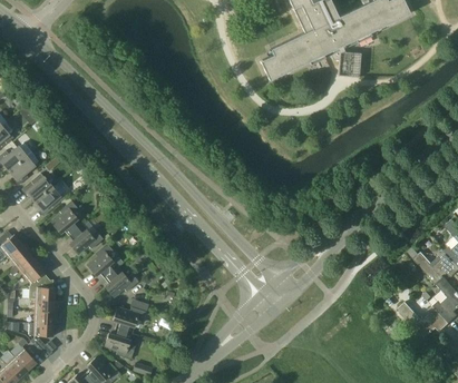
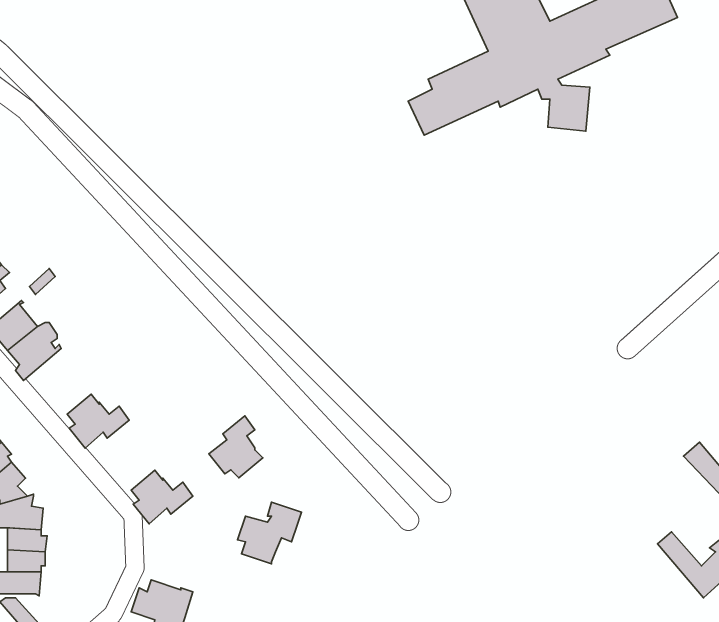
building: [51,202,81,236] -> none
building: [87,244,117,278] -> [209,416,263,478]
building: [113,299,148,334] -> [238,502,301,564]

